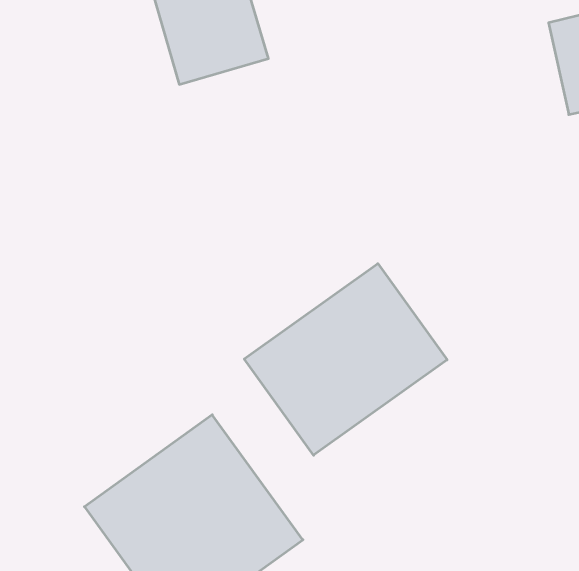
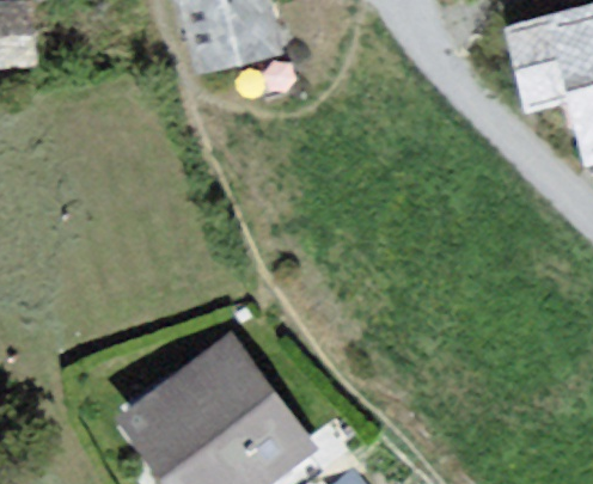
building: [244,264,447,455] -> none

